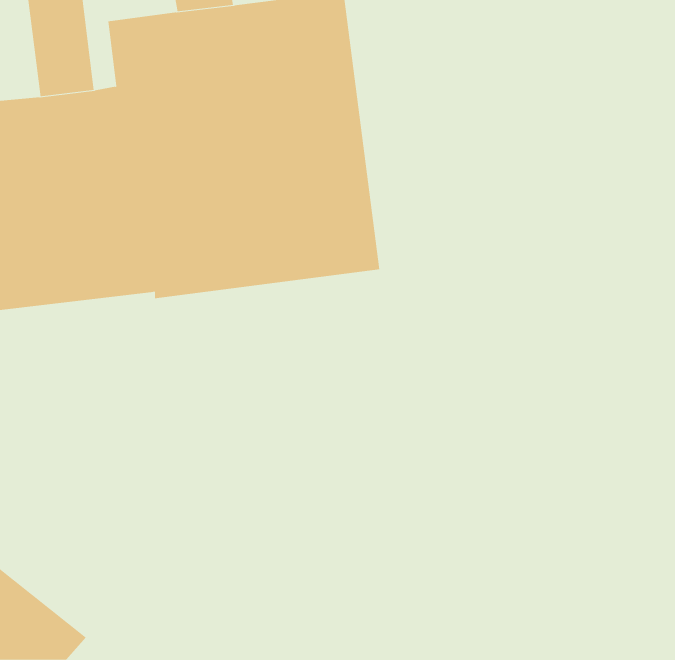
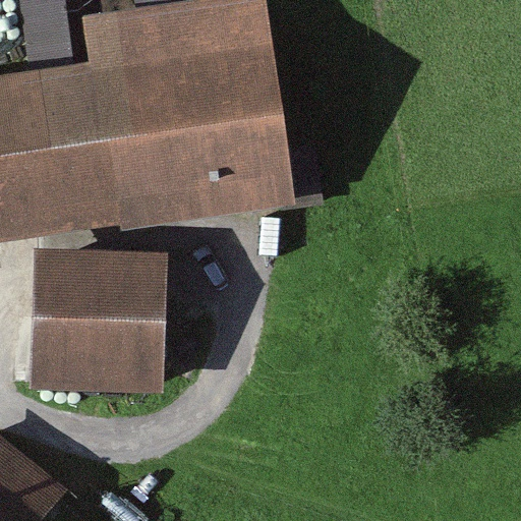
building: none -> [32,249,169,391]

